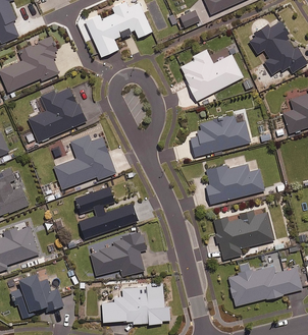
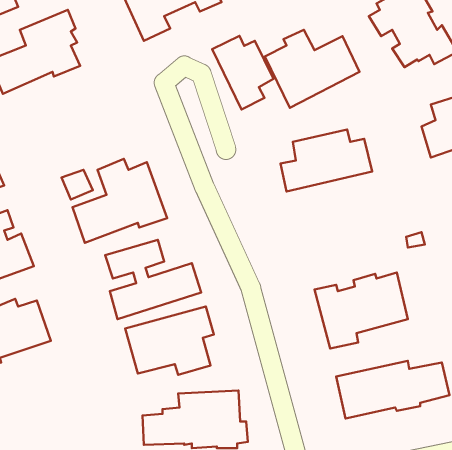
building: none -> [212,36,274,109]
building: [29,88,87,143] -> none
building: [206,164,264,204] -> none
building: [11,271,63,319] -> none

